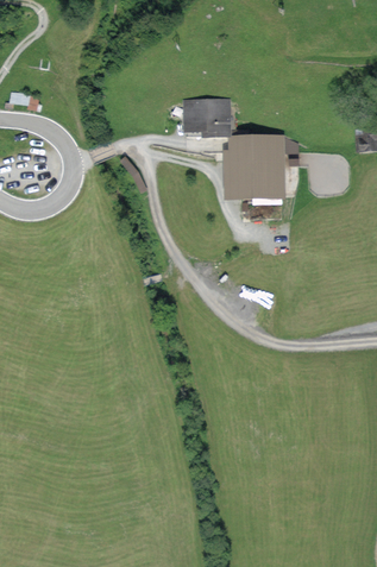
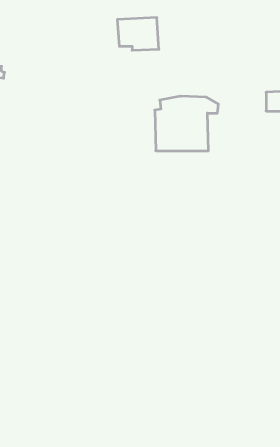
building: [182,97,232,137] -> [117,18,159,50]

